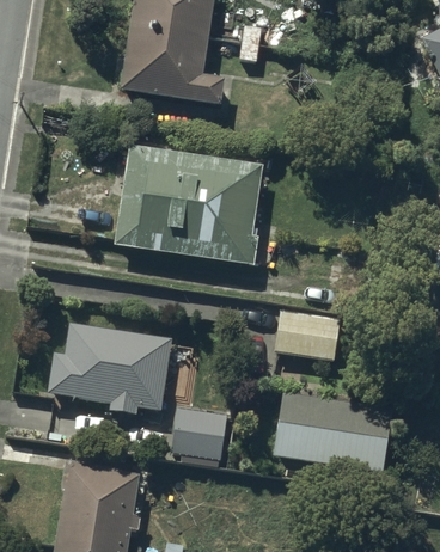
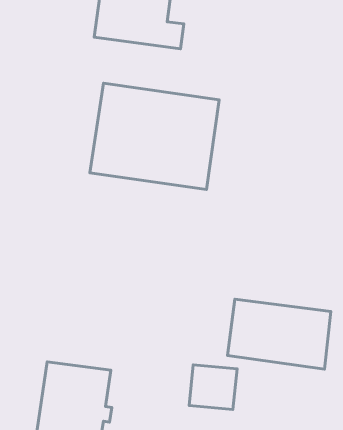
building: [274,309,347,362] -> none
building: [47,321,194,412] -> none
building: [172,410,227,461] -> [189,365,237,410]

